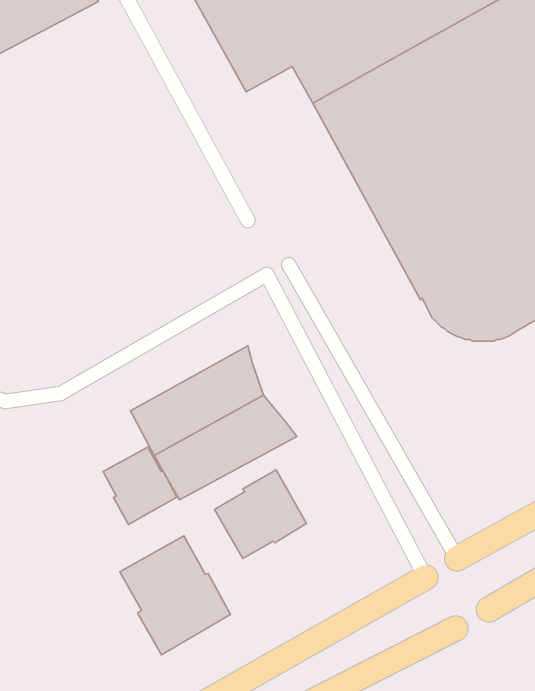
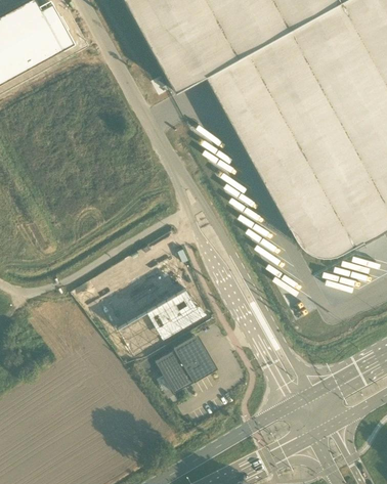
building: [103,447,177,524] -> none
building: [120,536,230,655] -> none

